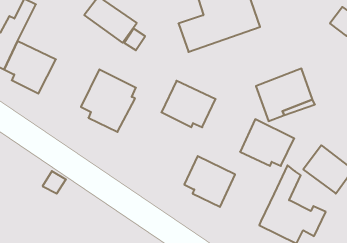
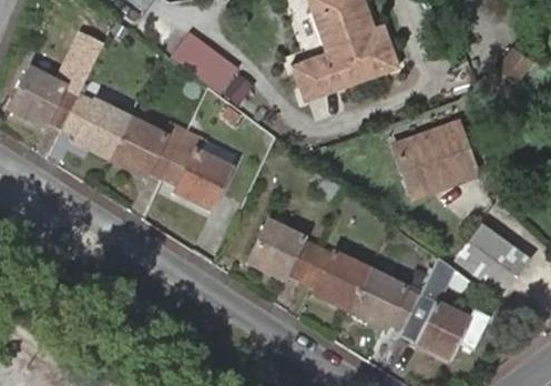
building: none -> [106,114,187,180]
building: [161,81,216,127] -> [246,219,318,281]
building: [240,119,294,166] -> [348,267,420,329]

